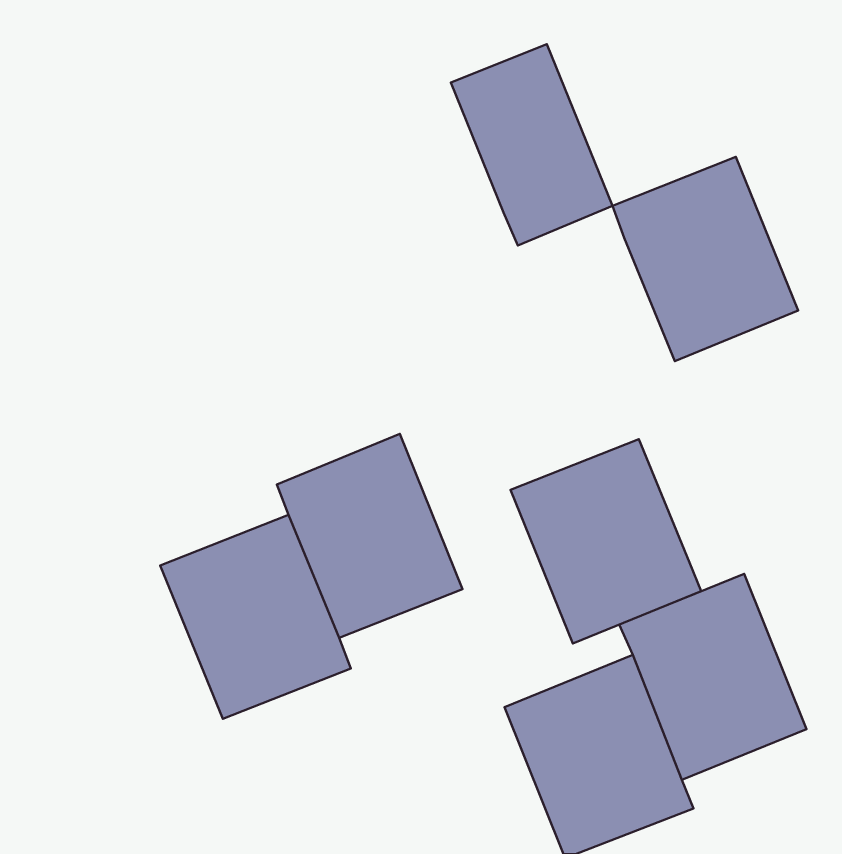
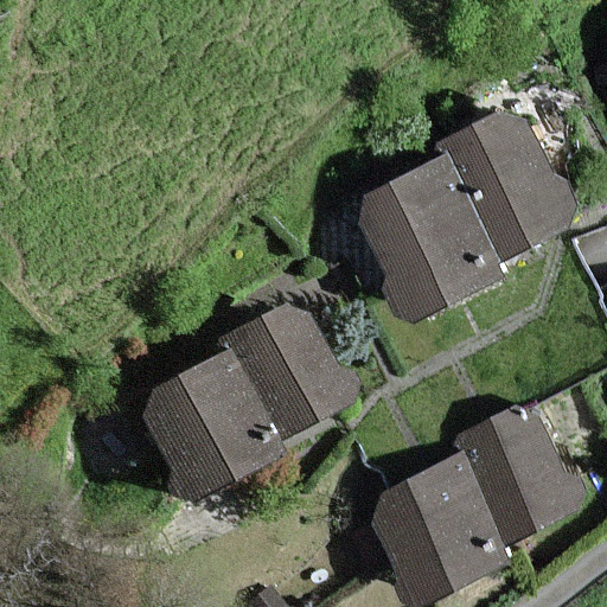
building: [451,44,613,246] -> none
building: [510,439,701,643] -> [363,167,497,311]

